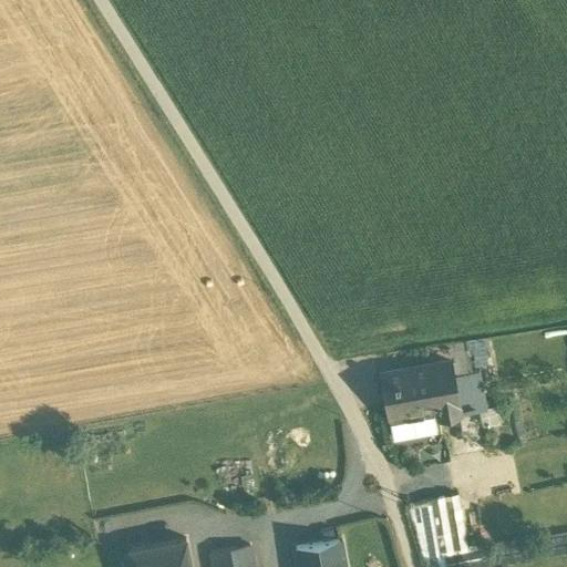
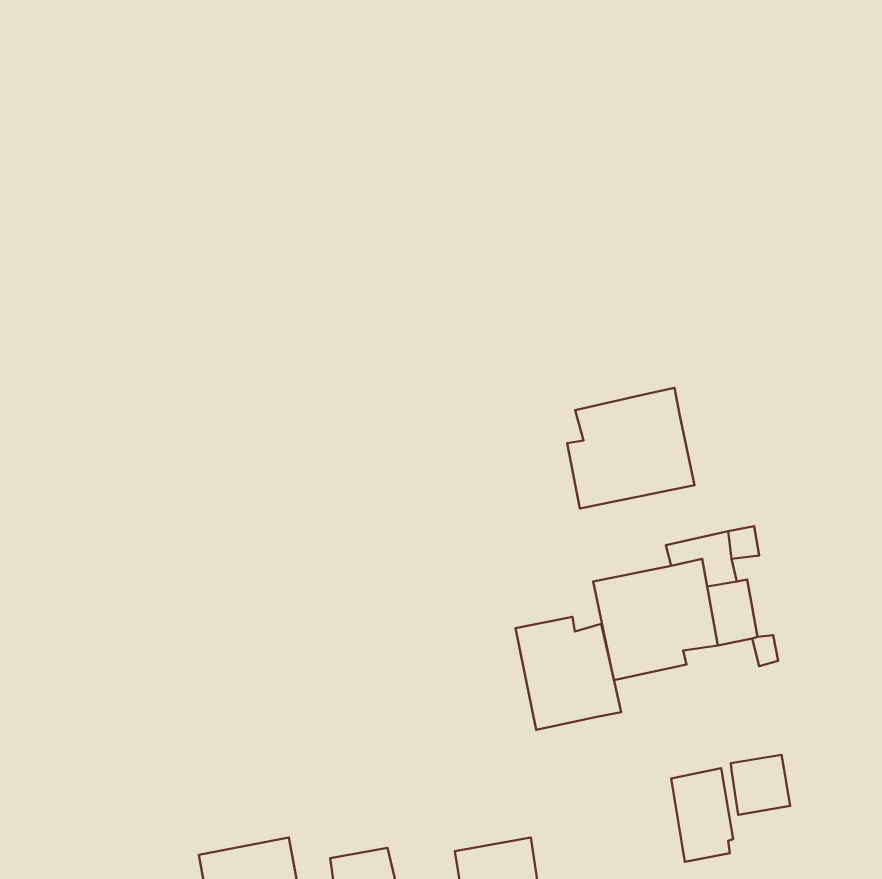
building: none -> [567,388,695,508]
building: none -> [516,617,621,730]
building: none -> [731,755,790,815]

